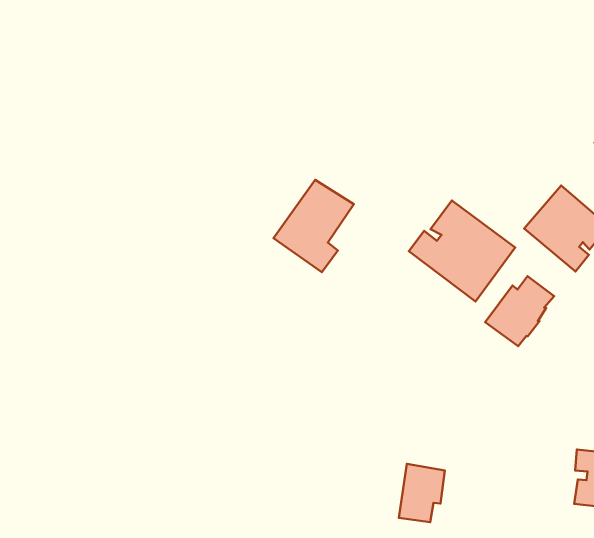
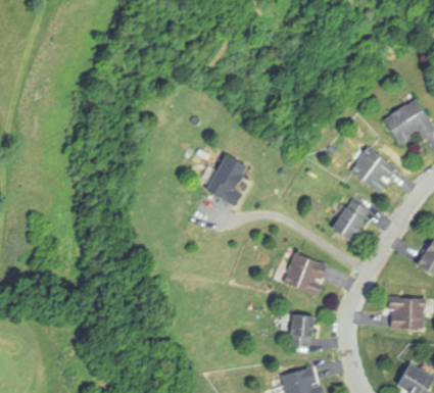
building: [409,201,515,302] -> none
building: none -> [282,253,326,295]

